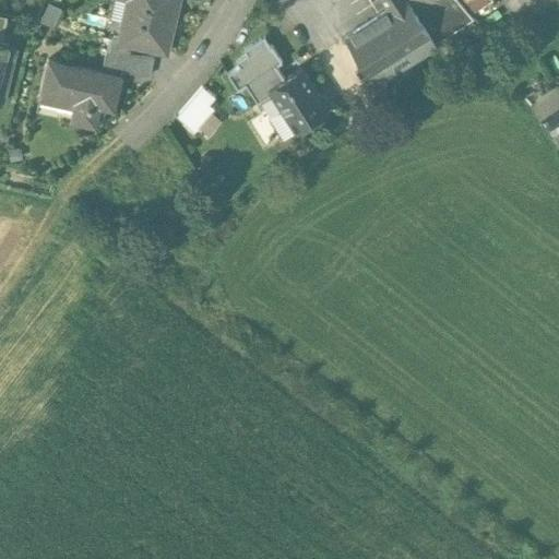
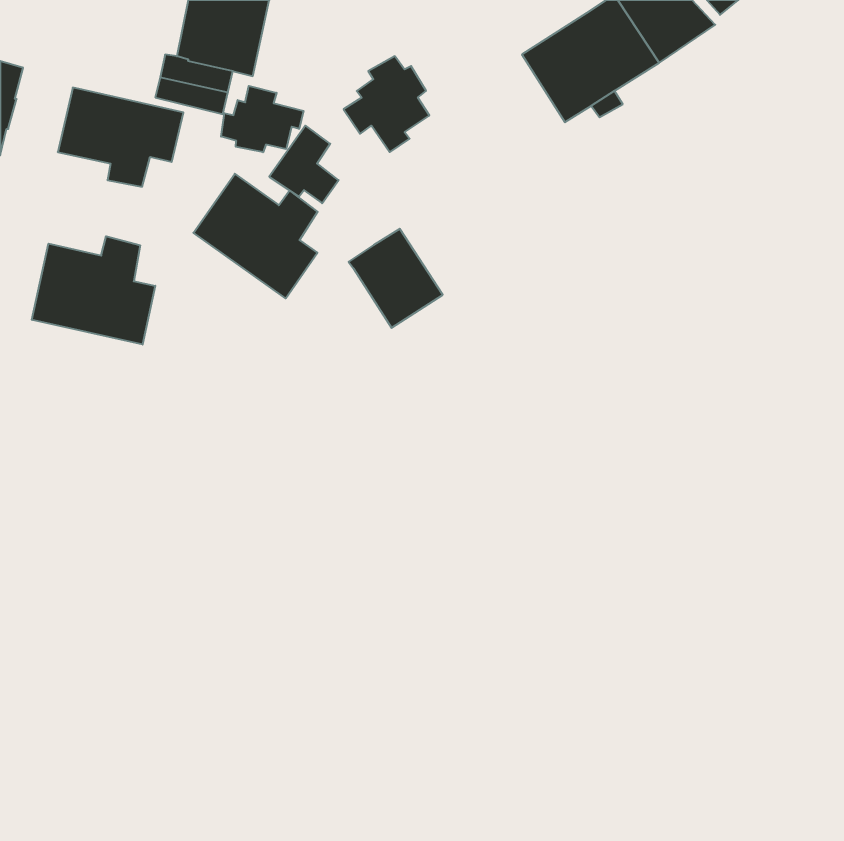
building: none -> [221,86,304,152]
building: [267,68,330,133] -> [349,229,443,328]
building: none -> [193,174,318,298]
building: none -> [32,236,155,345]

